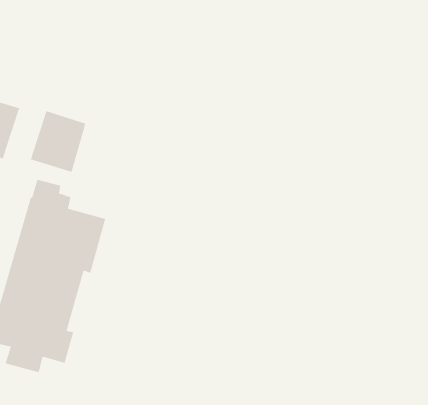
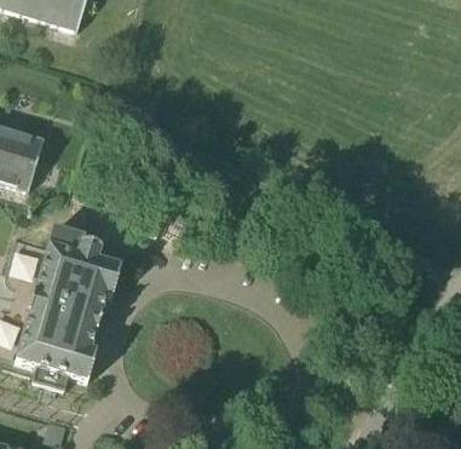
building: [30,110,86,173] -> none

